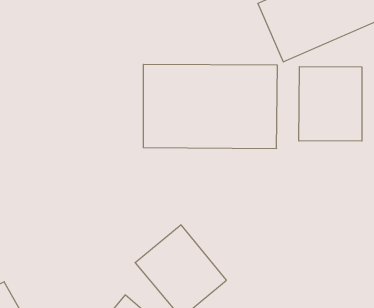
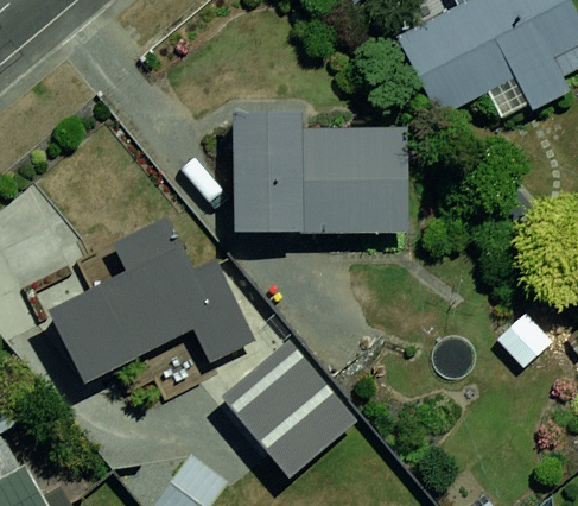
building: [299,67,362,141] -> none
building: none -> [58,239,249,394]

